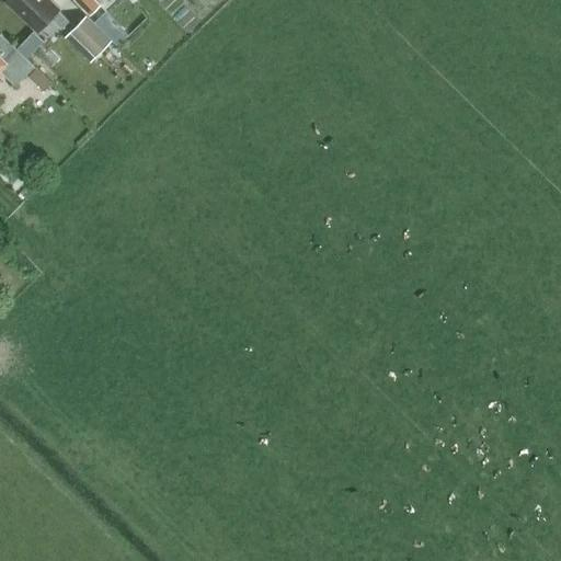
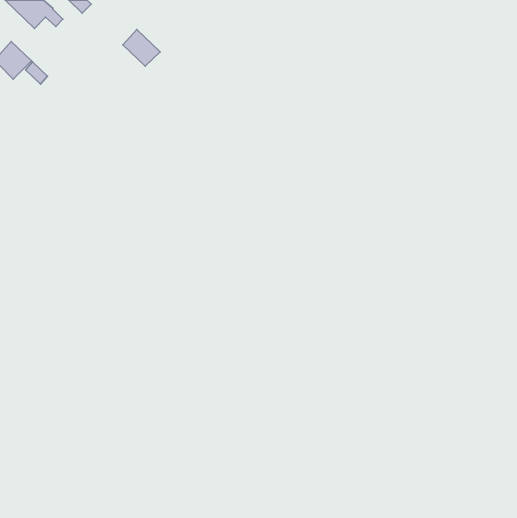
building: [70,15,111,55] -> [123,30,160,66]

